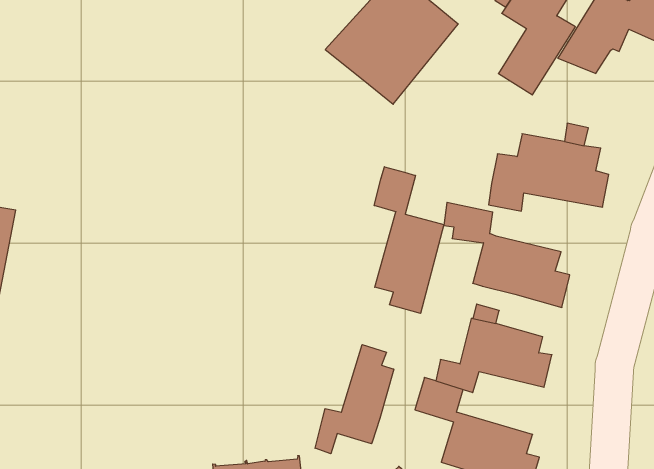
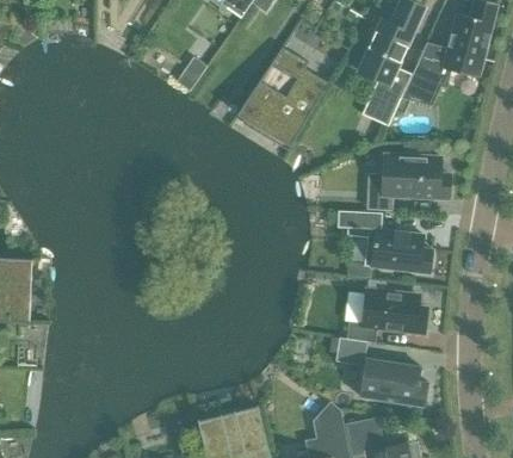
building: [374,167,444,313] -> none
building: [315,345,394,454] -> none

